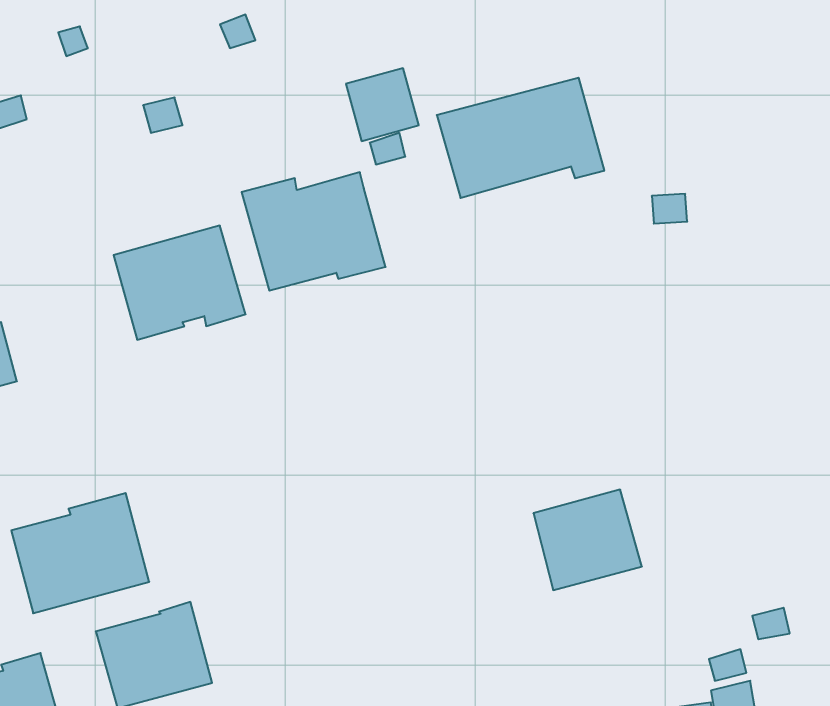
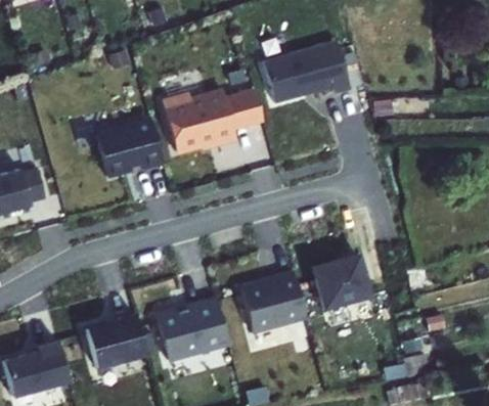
building: [346,68,419,141] -> [225,90,263,128]
building: [11,493,149,613] -> [157,297,228,359]
building: none -> [240,270,307,331]

